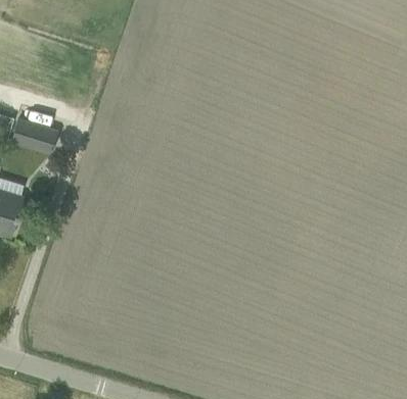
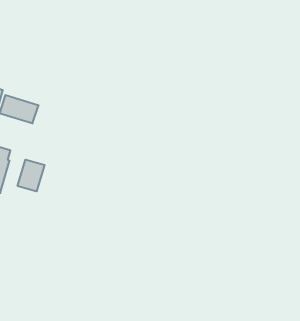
building: none -> [18,160,45,191]

